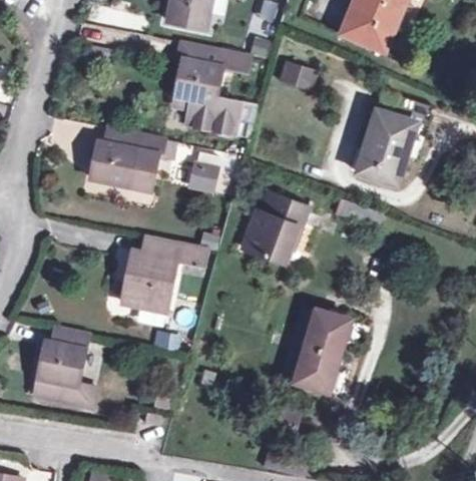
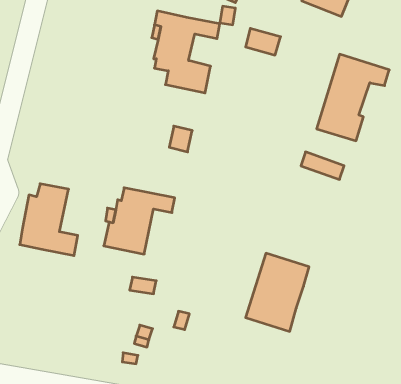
building: [91,126,178,195] -> none
building: [245,190,313,262] -> none
building: [34,327,97,405] -> [20,184,78,256]

